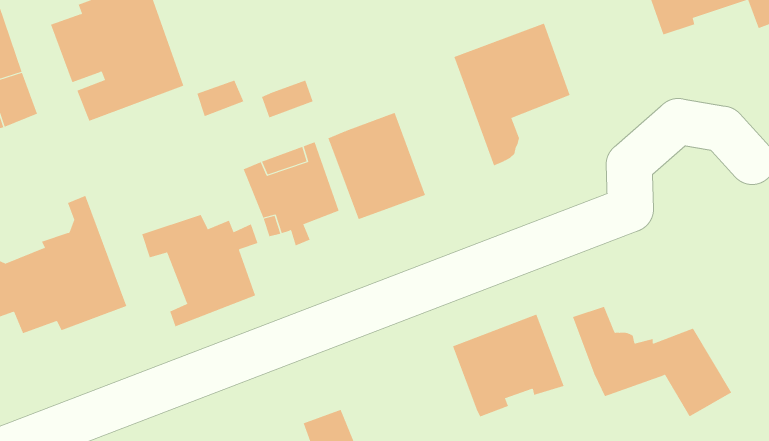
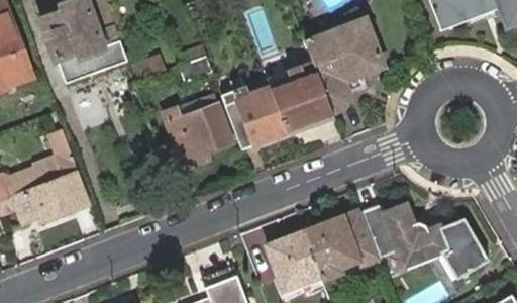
building: none -> [267,61,332,132]
building: [142,214,258,327] -> none
building: none -> [359,203,397,258]
building: none -> [266,231,320,289]

